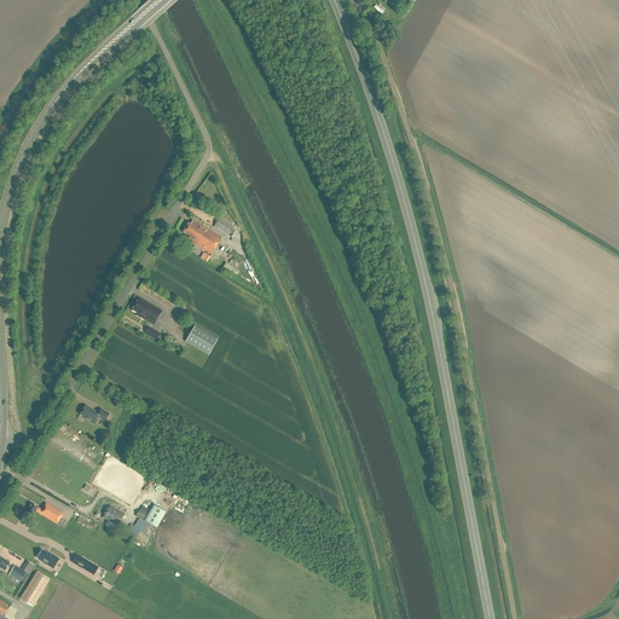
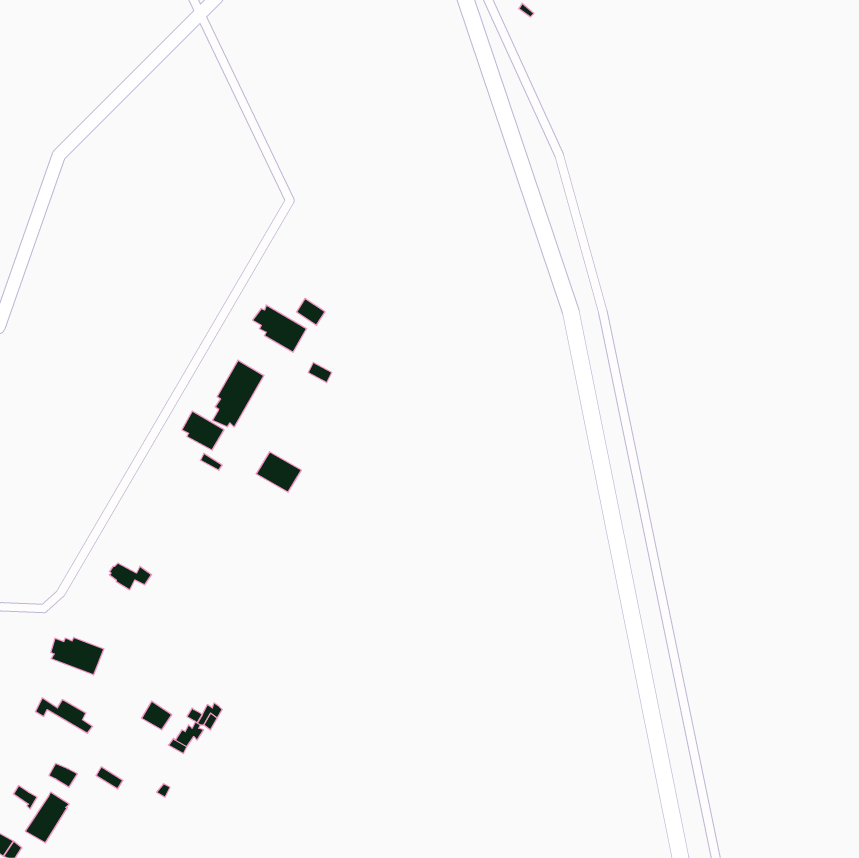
building: none -> [213,360,264,427]
building: none -> [51,637,104,675]

